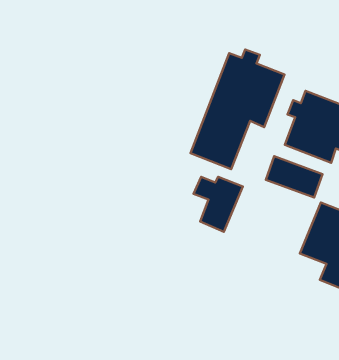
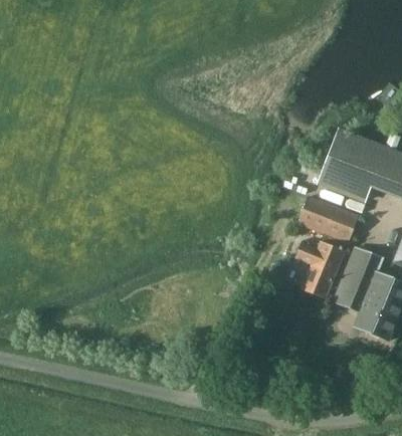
building: [190,49,285,169] -> none
building: [193,177,243,232] -> [294,241,347,299]

